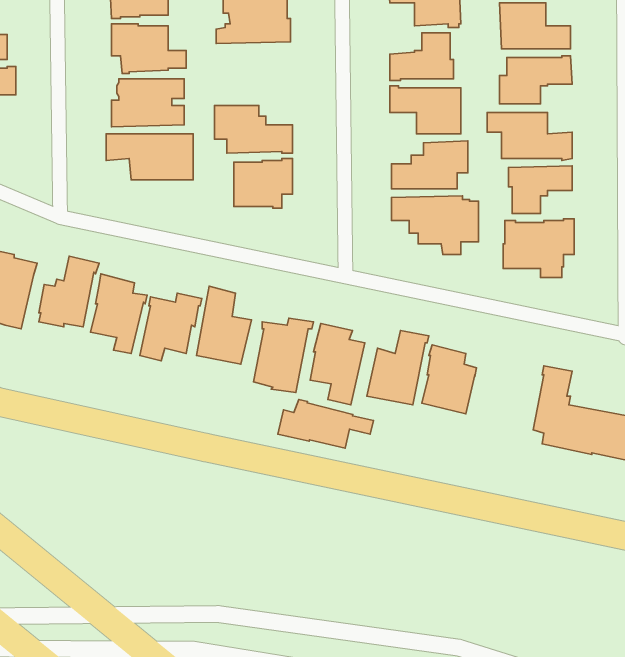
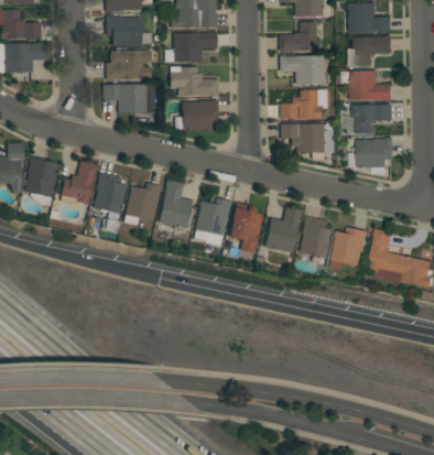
building: none -> [164,32,217,63]
building: none -> [330,227,368,270]
building: [278,399,373,448] -> none

